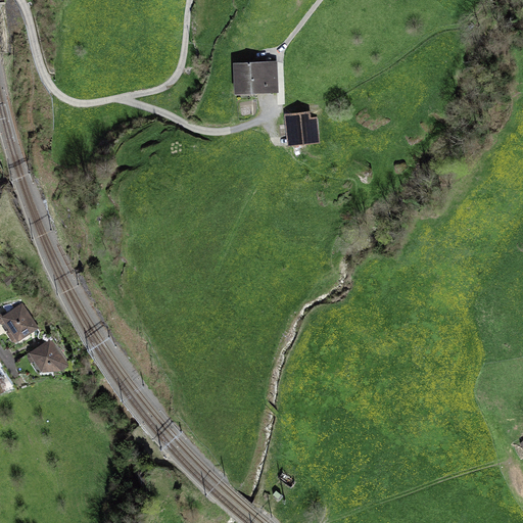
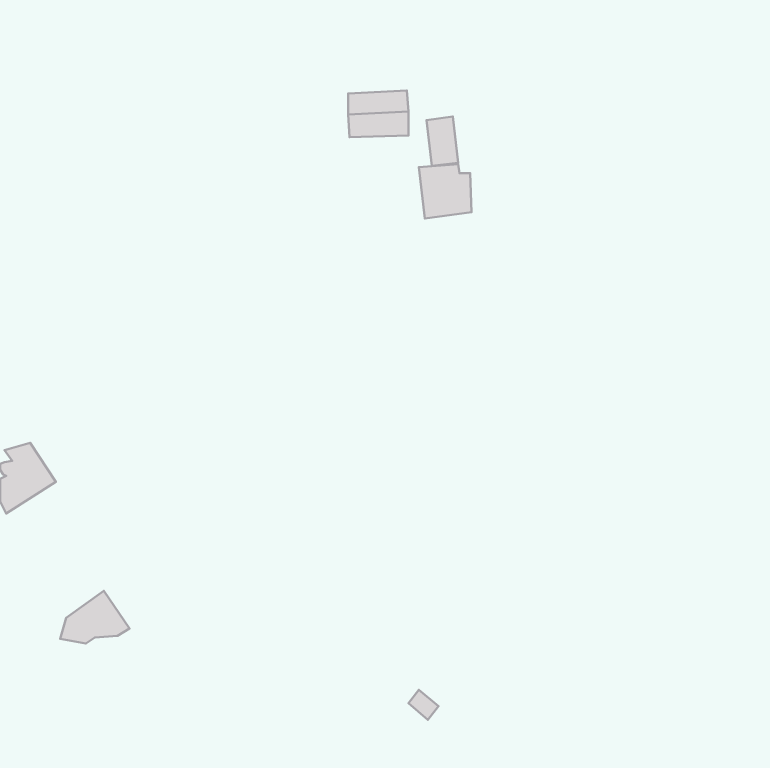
building: none -> [427,116,458,166]
building: [20,339,67,375] -> [60,591,130,643]

